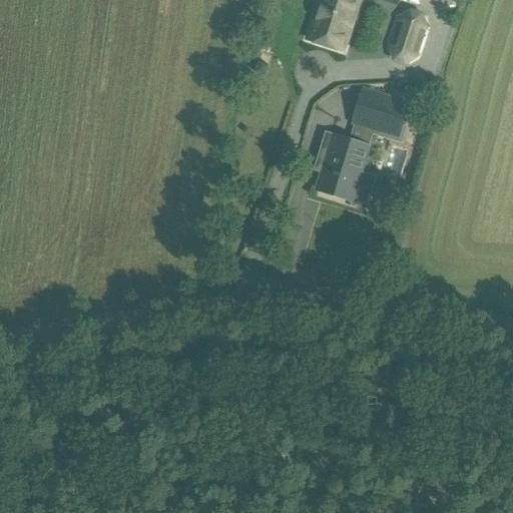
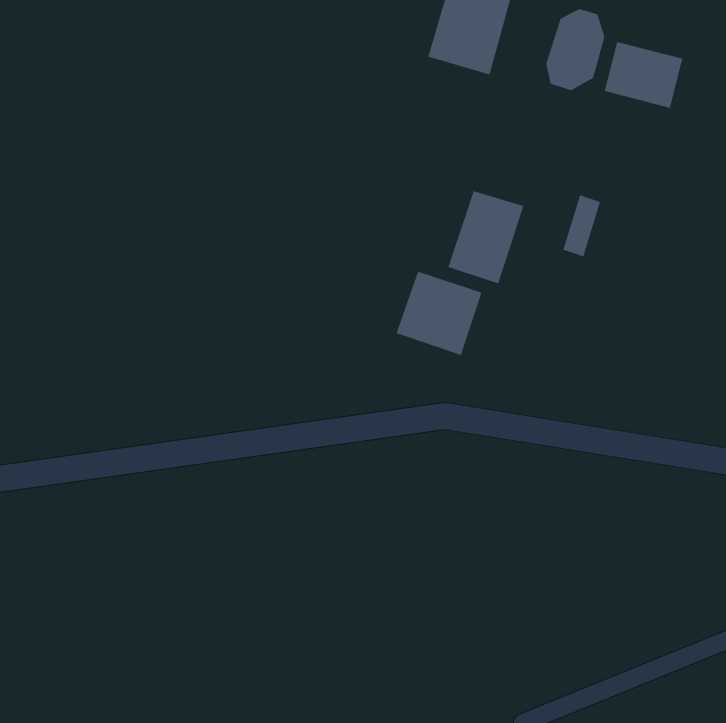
building: [351,86,407,133] -> [604,42,683,108]
building: none -> [396,271,482,356]

